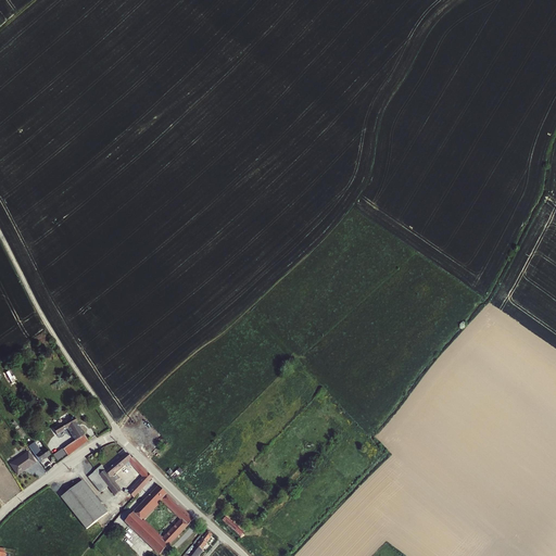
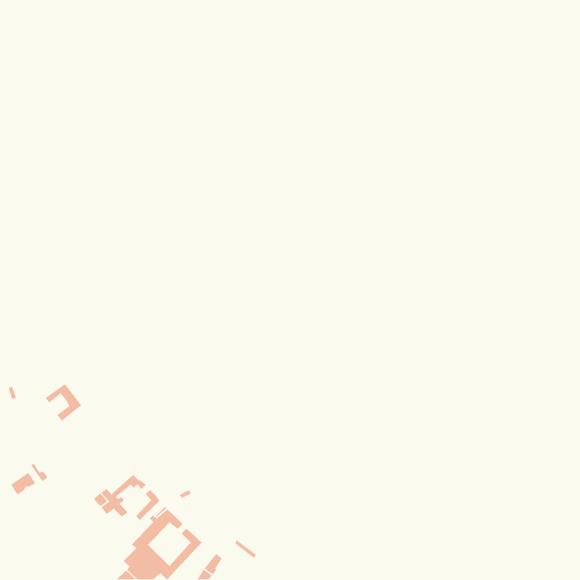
building: [52,418,88,455] -> [45,383,82,422]
building: [63,481,111,530] -> none

